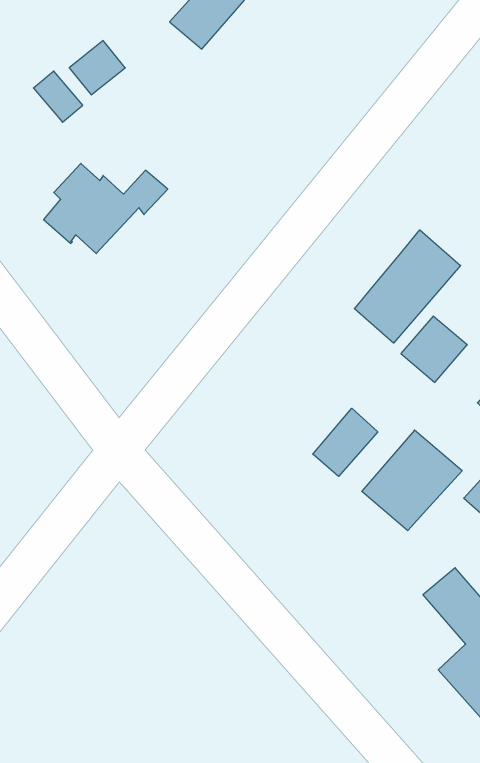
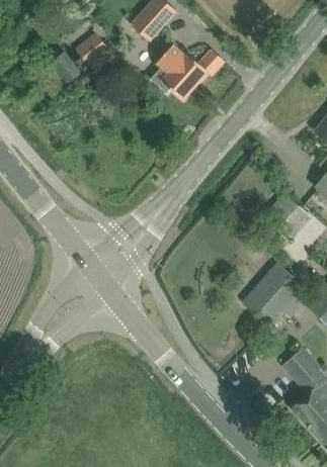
building: [44,163,168,254] -> [151,45,225,99]
building: [354,230,461,343] -> none
building: [313,408,378,476] -> none

